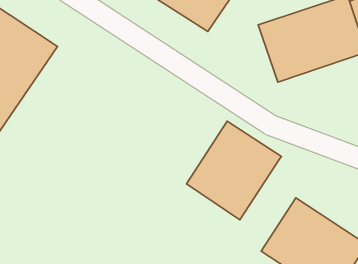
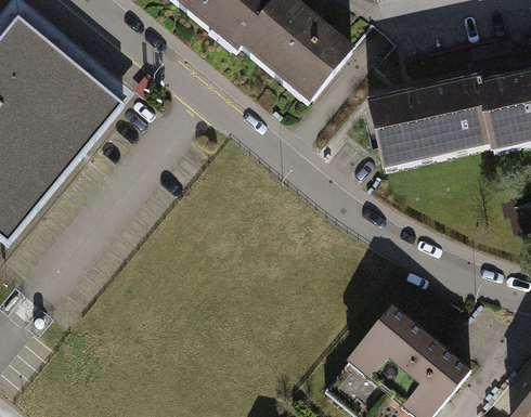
building: [187,121,281,220] -> none

